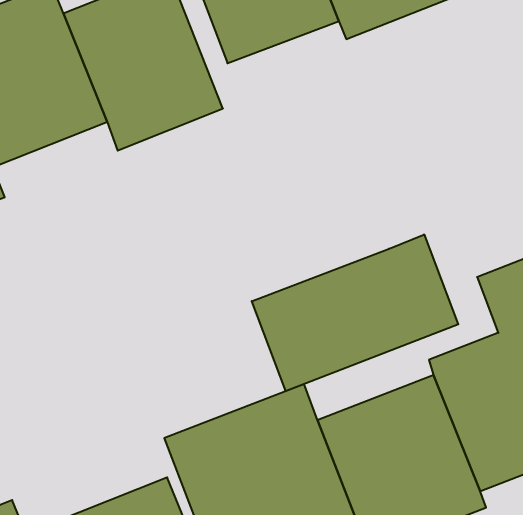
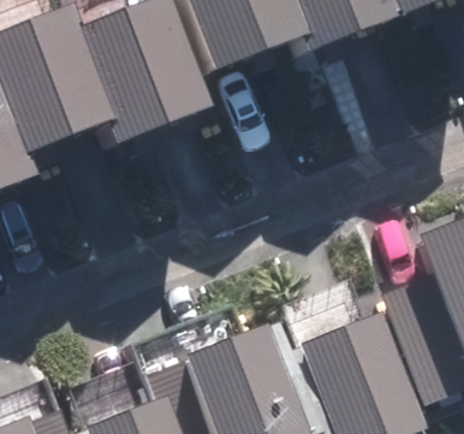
building: [252,234,458,391] -> none

